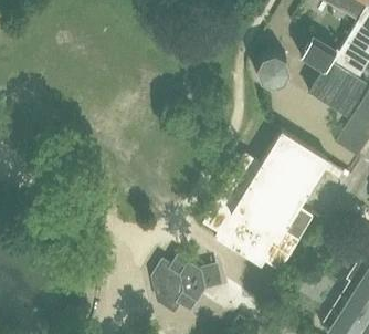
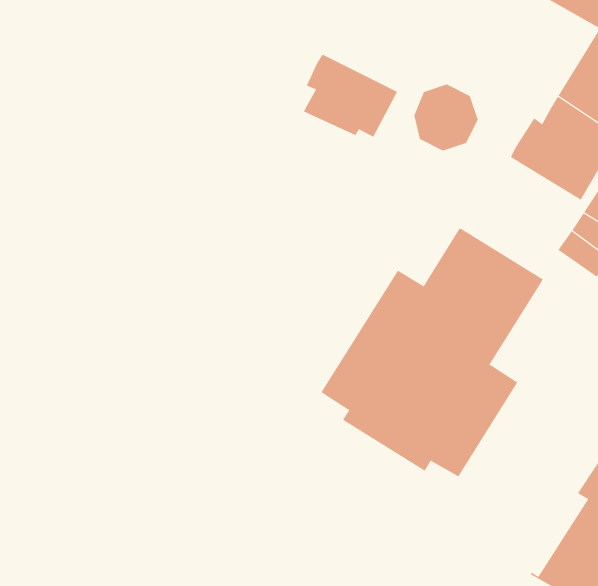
building: none -> [303,54,398,138]
building: [301,36,336,73] -> none
building: [154,258,220,312] -> none

